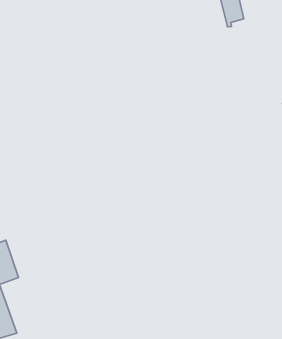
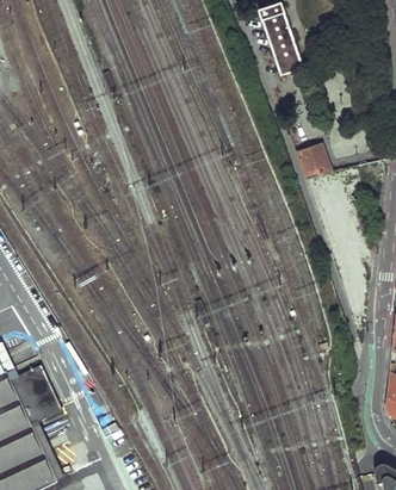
building: none -> [296,144,332,179]

